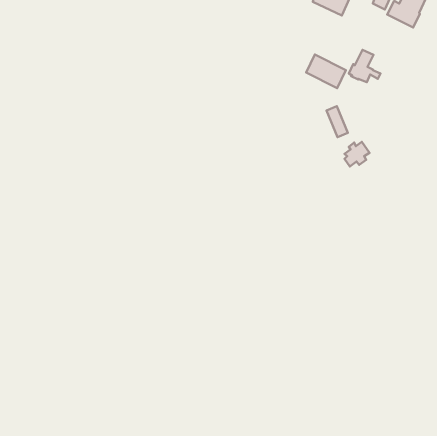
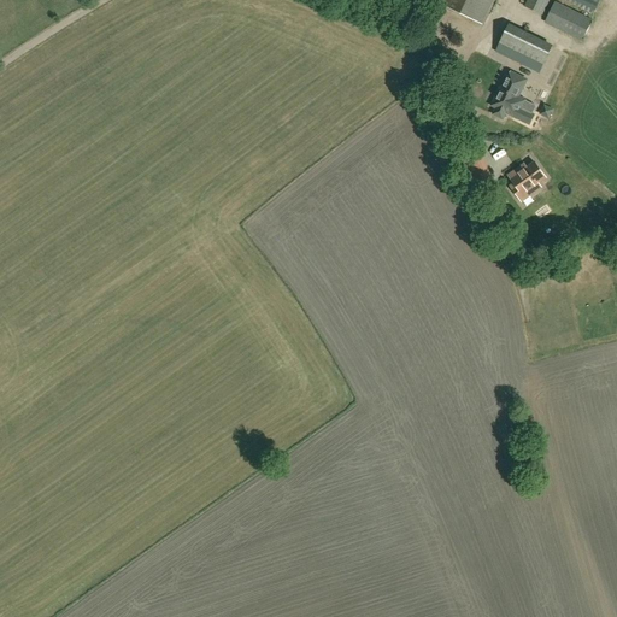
building: [306,55,346,88] -> [495,24,551,71]
building: [345,142,369,167] -> [510,160,545,195]

